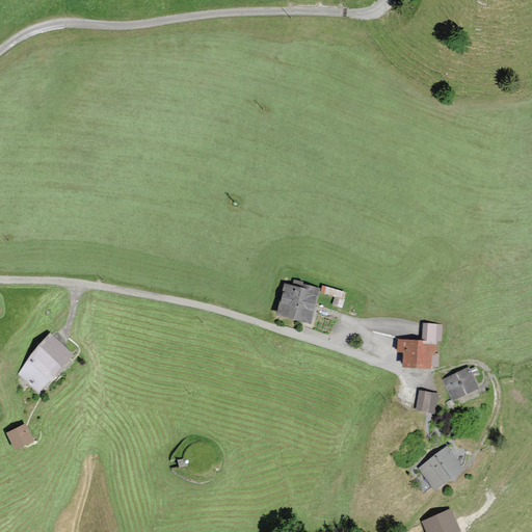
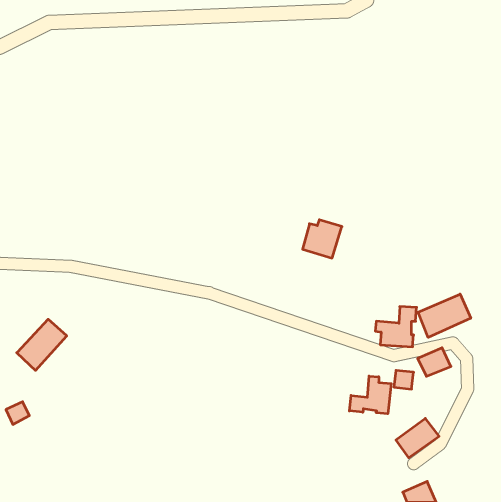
building: [276,282,318,322] -> [303,220,342,258]
building: none -> [418,294,471,337]
building: none -> [349,376,391,414]

